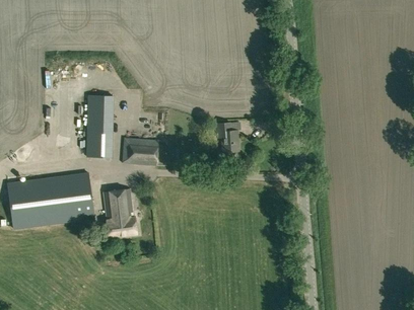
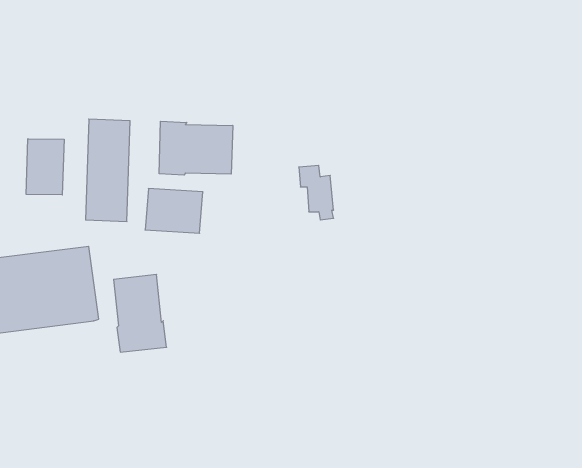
building: none -> [159,121,233,175]
building: none -> [26,139,64,195]

